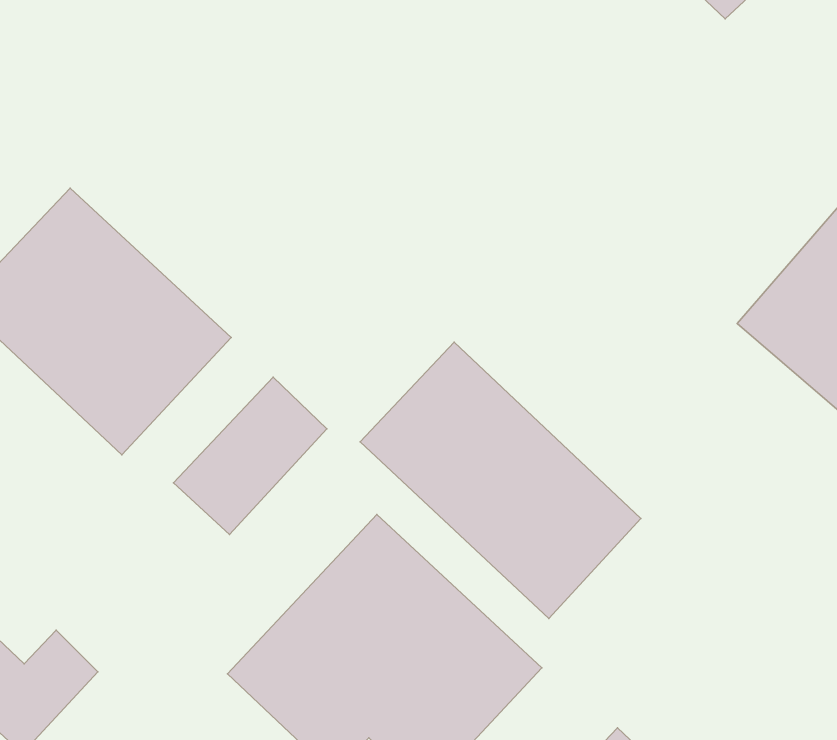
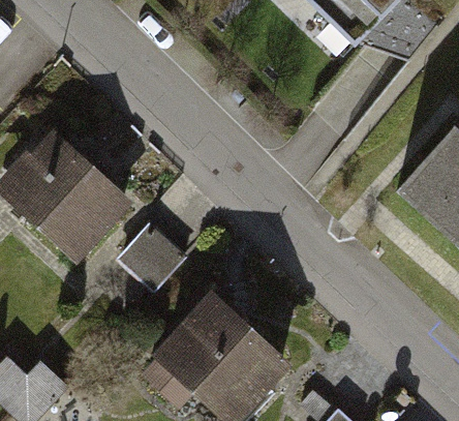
building: [360,342,641,618] -> none

